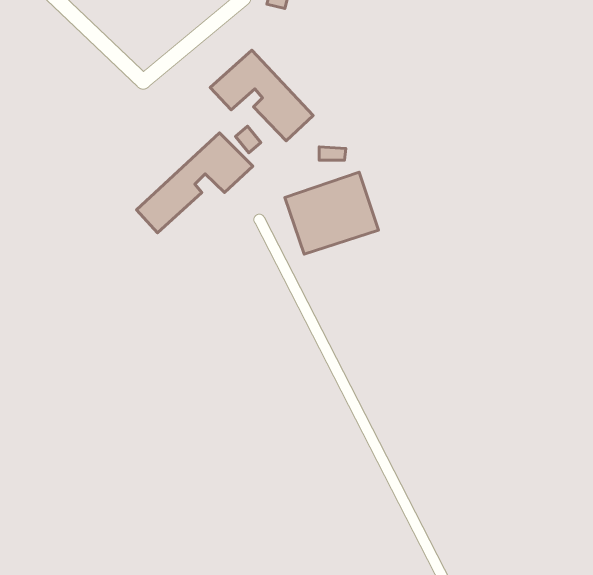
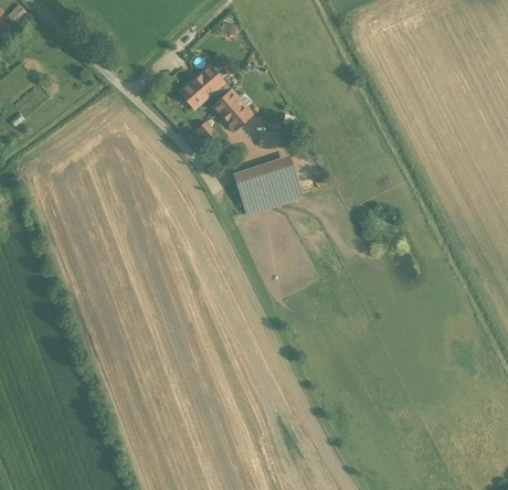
building: [137,133,253,233] -> none

